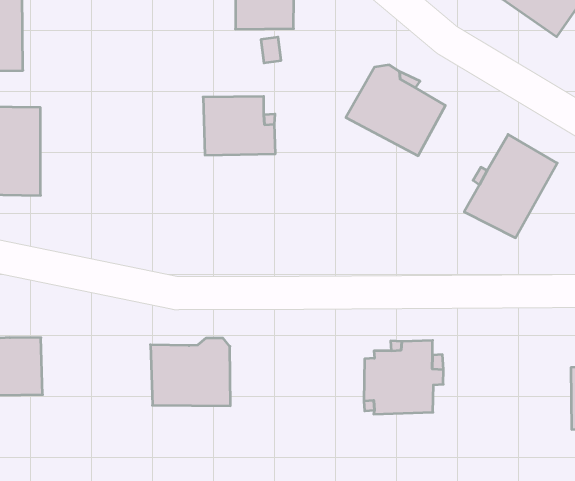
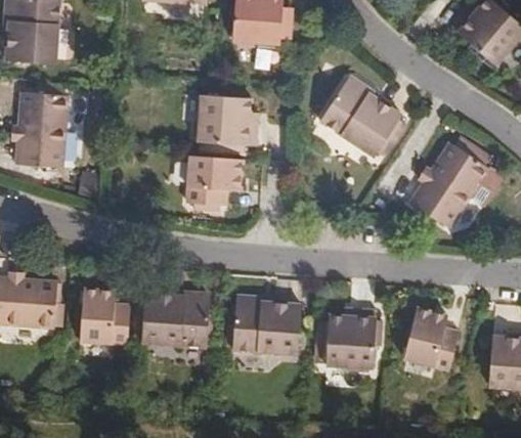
building: none -> [188,154,243,204]
building: none -> [402,307,459,371]
building: none -> [231,299,300,358]
building: none -> [79,290,129,345]

